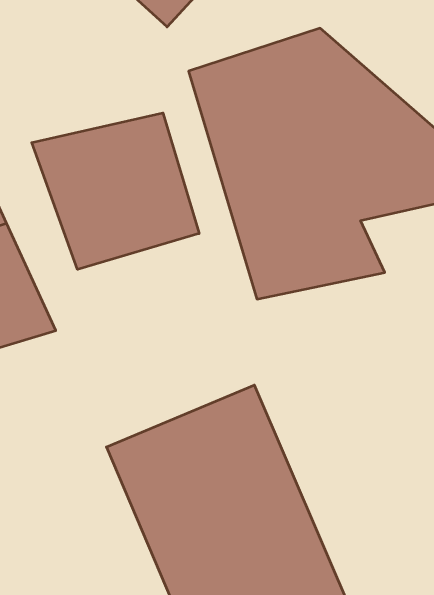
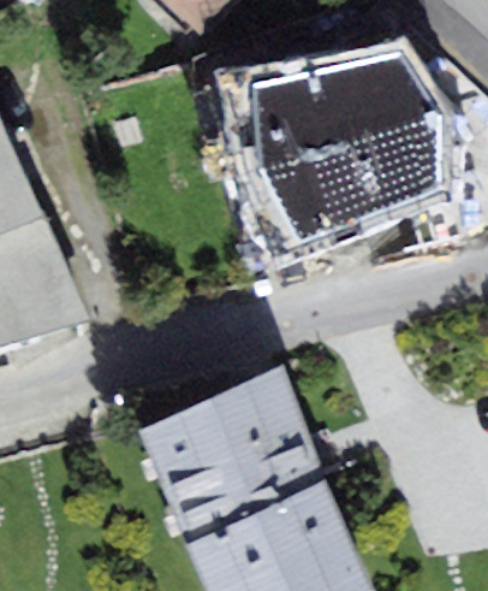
building: [32,113,199,269] -> none

